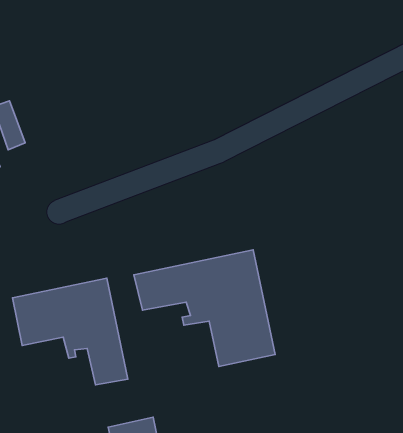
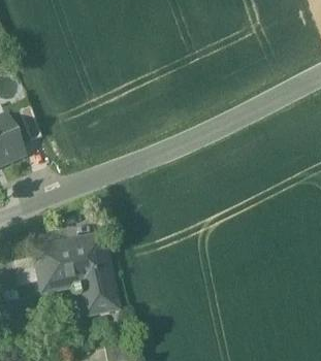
building: [134,250,275,366] -> none

